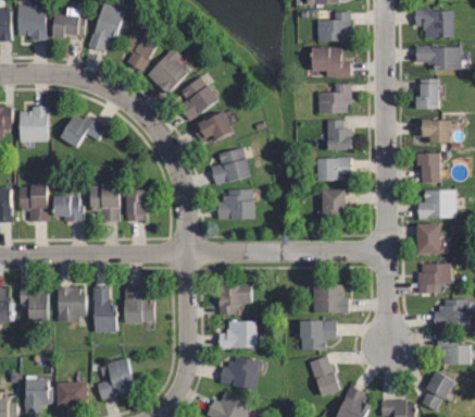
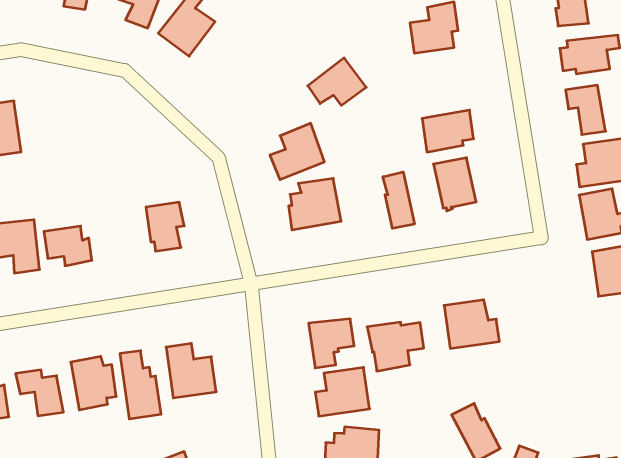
building: [179,78,216,120] -> none
building: [193,112,233,144] -> [308,58,366,105]
building: [61,115,107,147] -> none
building: [328,119,351,150] -> none
building: [89,186,117,221] -> none
building: none -> [383,172,414,228]
building: [299,319,335,349] -> [367,322,424,371]

